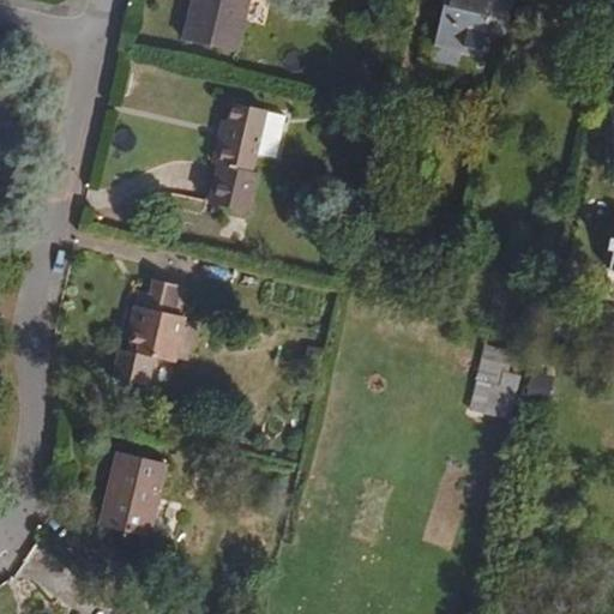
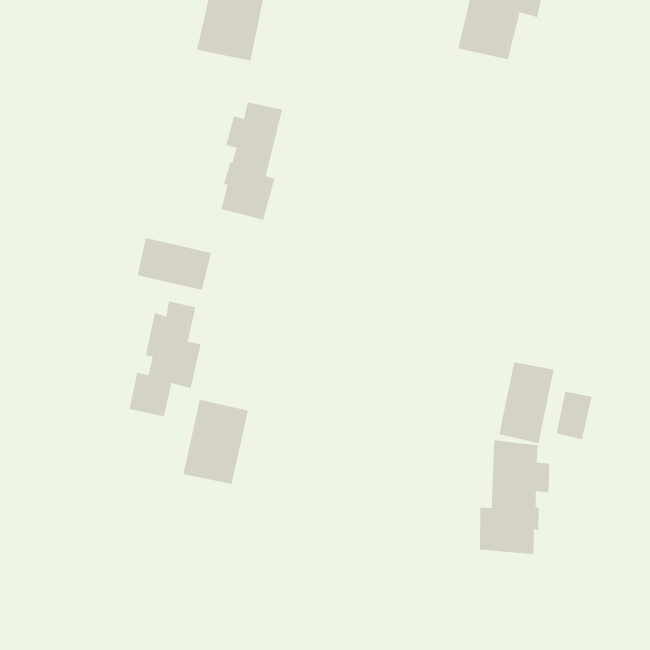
building: none -> [137,237,212,291]
building: none -> [479,439,550,555]
building: [101,453,163,534] -> [182,399,249,484]

